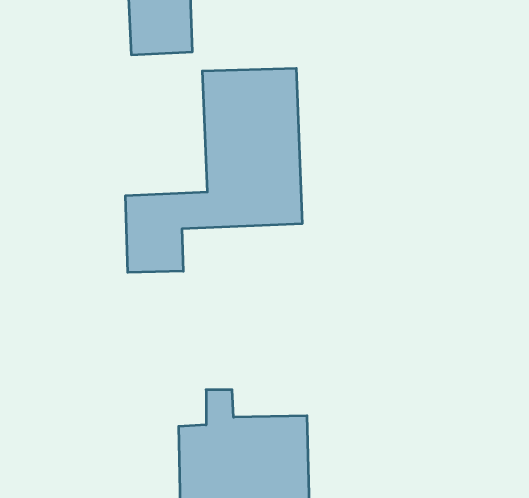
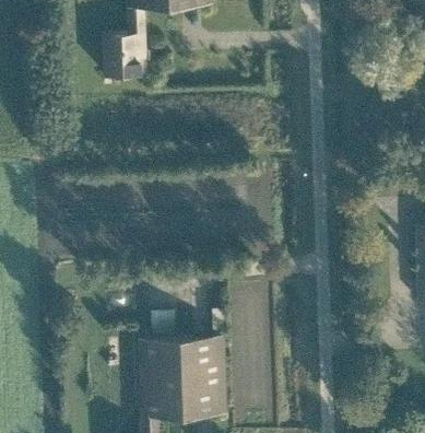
building: [126,68,302,272] -> none

